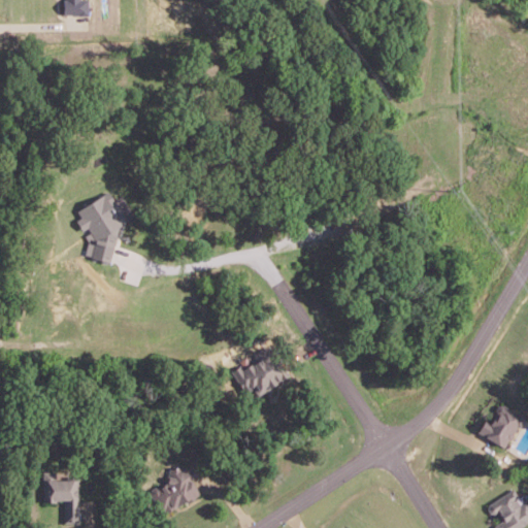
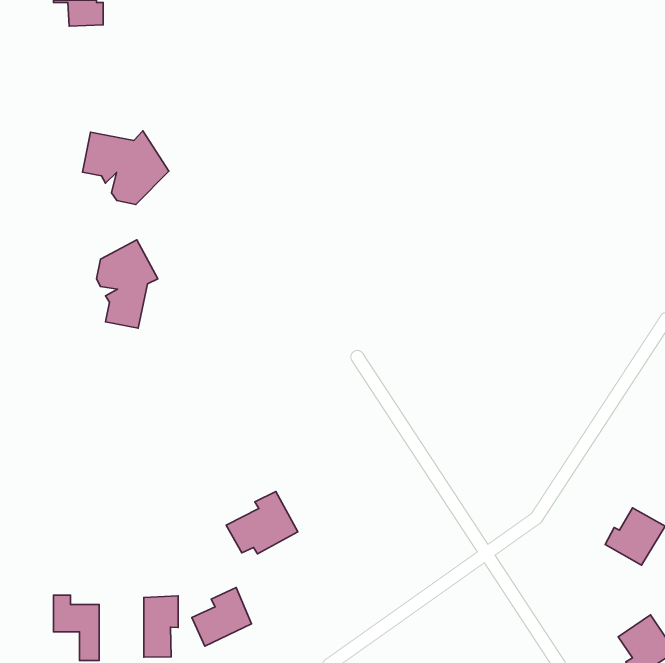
building: none -> [82,131,169,204]
building: [232,345,289,395] -> [226,491,298,554]
building: none -> [144,596,178,657]

